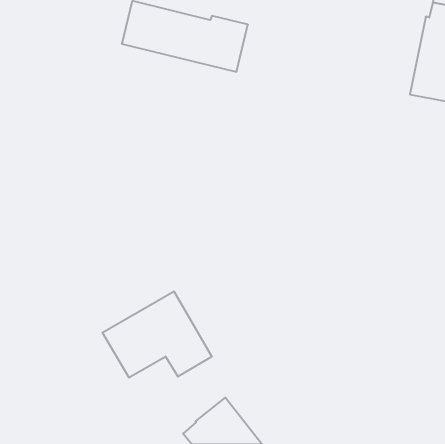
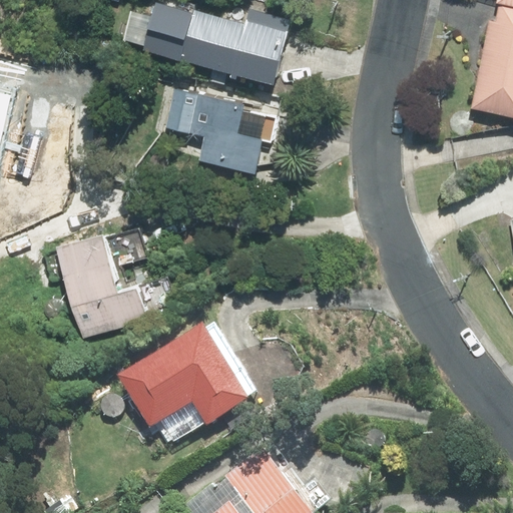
building: none -> [166,88,262,174]
building: none -> [56,233,148,336]

